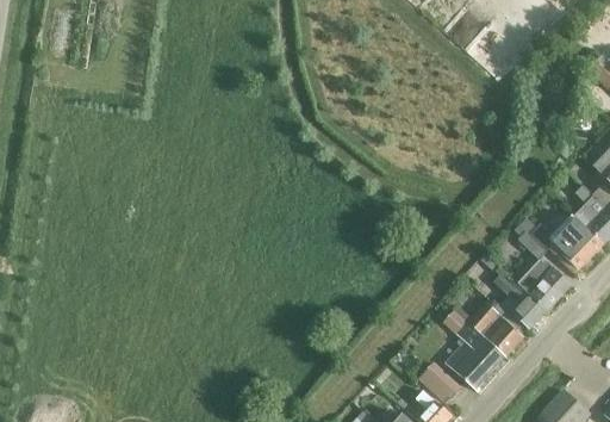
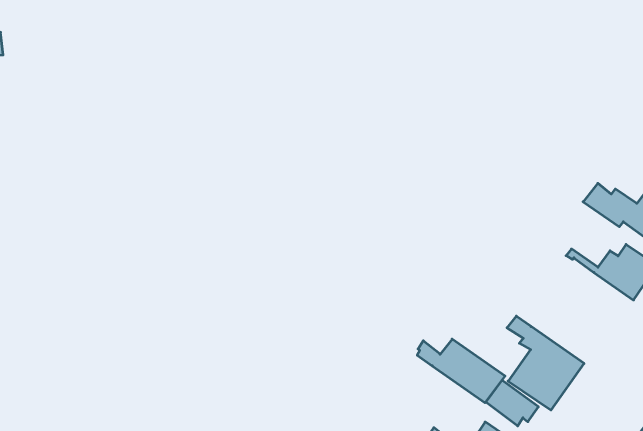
building: [497,272,547,329] -> none
building: [454,302,521,355] -> [417,339,505,403]

